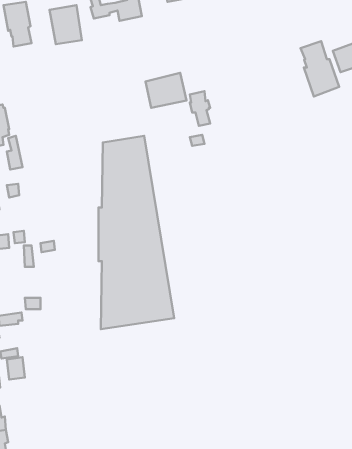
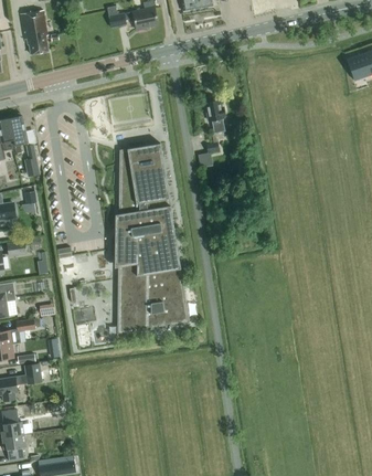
building: [49,5,82,44] -> none
building: [301,41,339,96] -> none
building: [145,73,186,108] -> none

